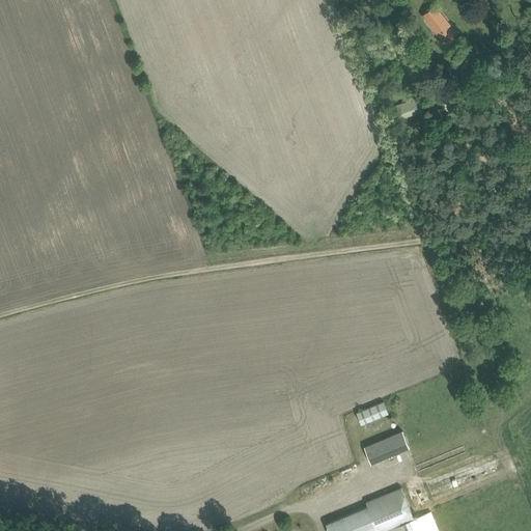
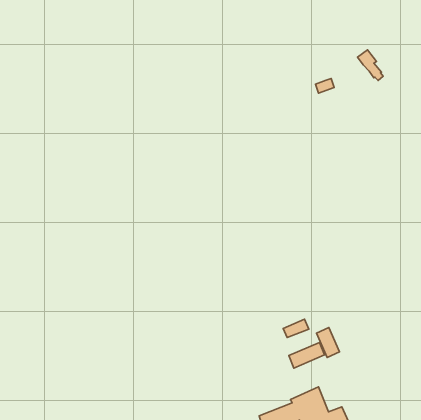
building: [421,7,453,46] -> [357,50,383,80]
building: none -> [317,327,339,357]

